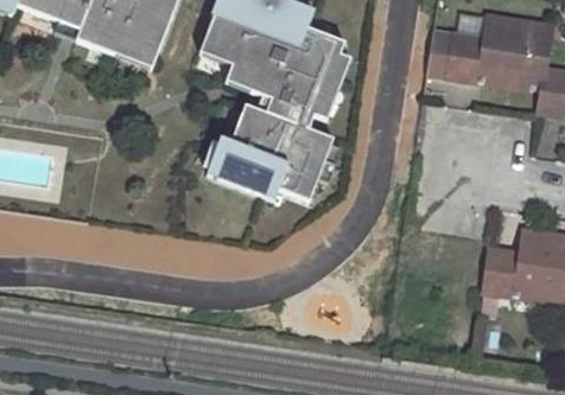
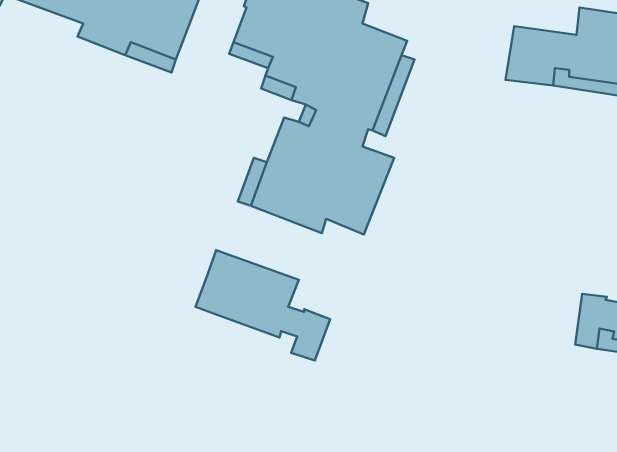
building: none -> [196,250,330,361]

